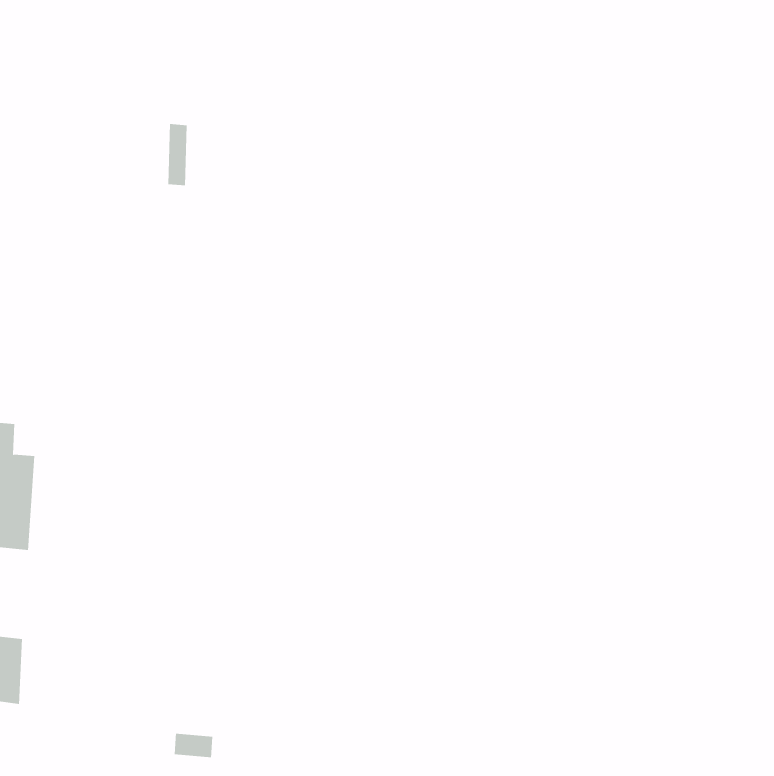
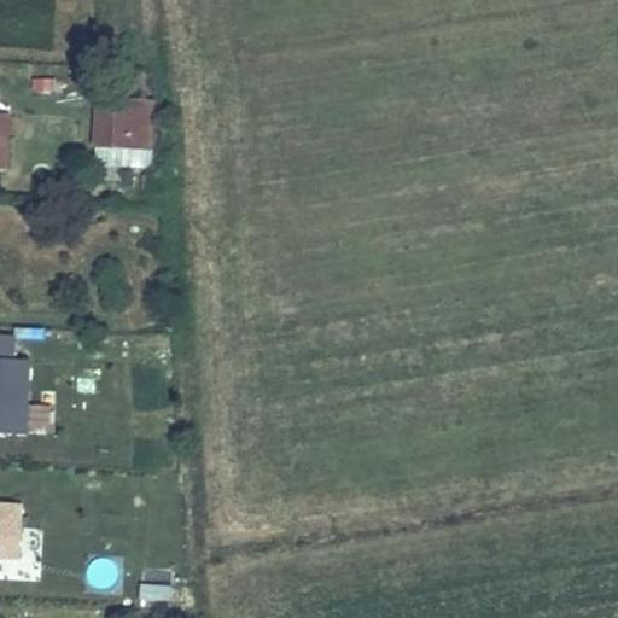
building: none -> [101,98,134,146]

